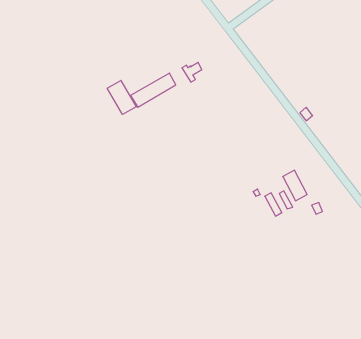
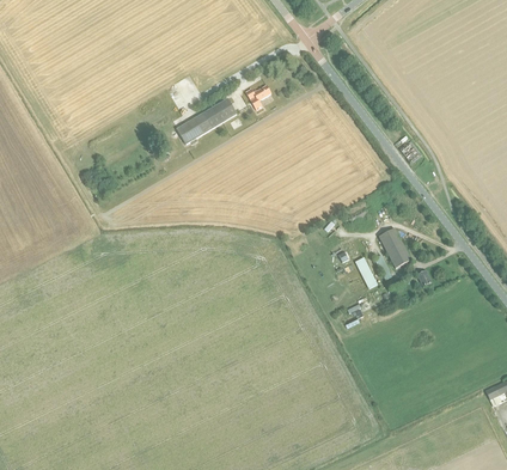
building: [107,80,136,114] -> none

